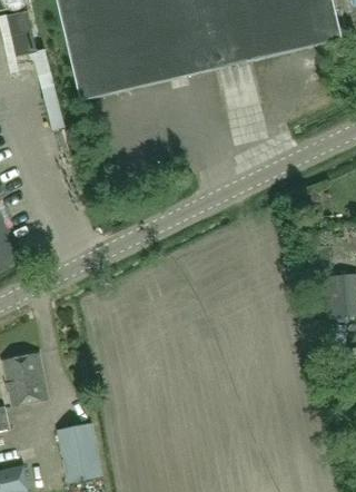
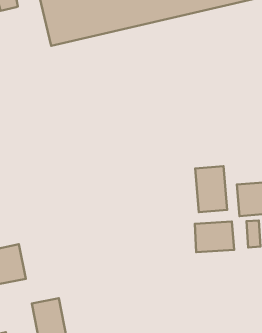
building: none -> [195,166,227,212]
building: none -> [195,222,234,252]

